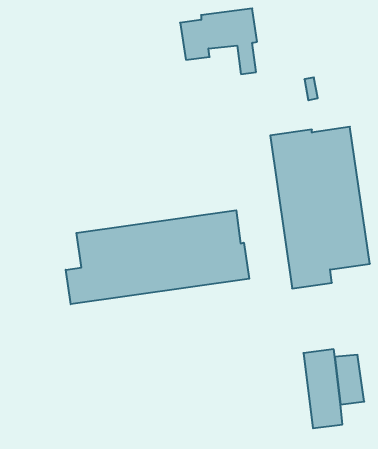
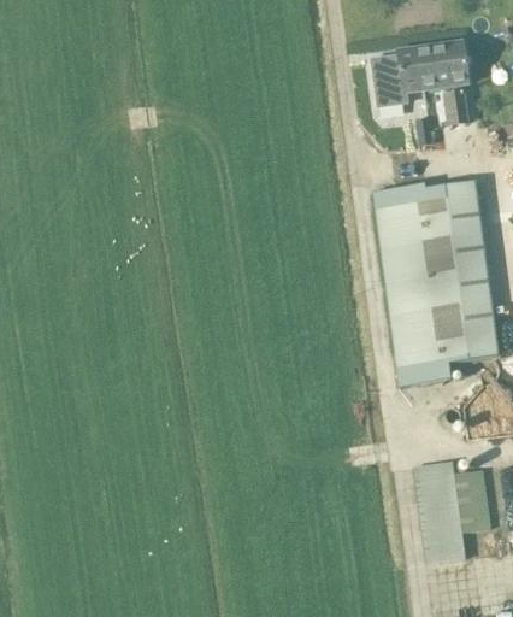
building: [180,8,257,74] -> [371,40,468,123]
building: [66,210,249,304] -> none

